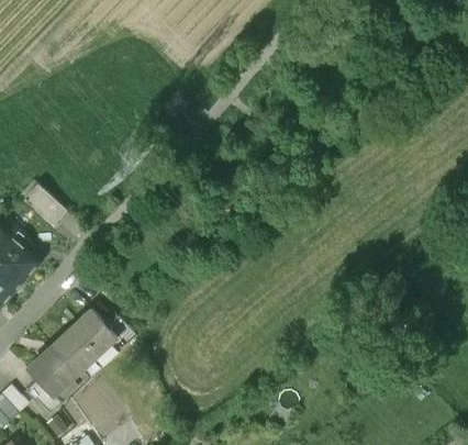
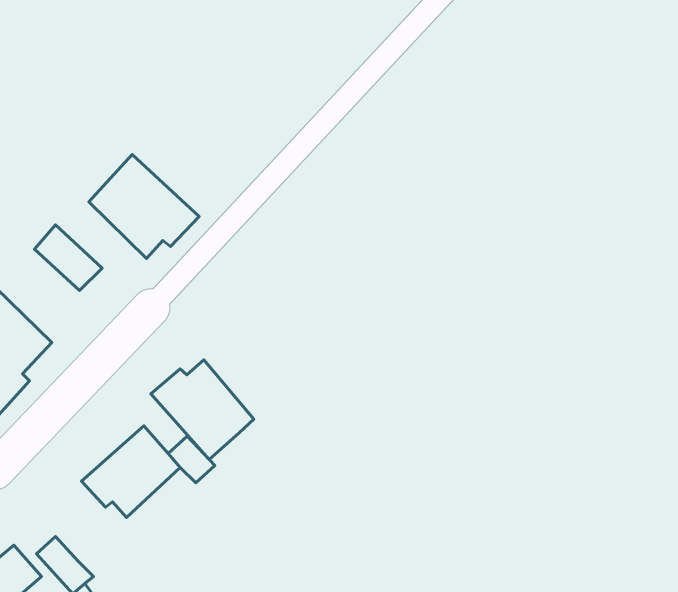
building: none -> [89,154,199,258]
building: none -> [151,360,254,460]
building: [27,345,82,396] -> none

